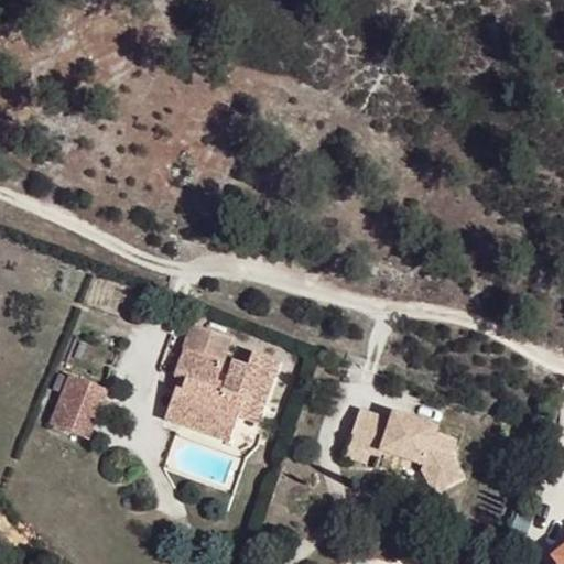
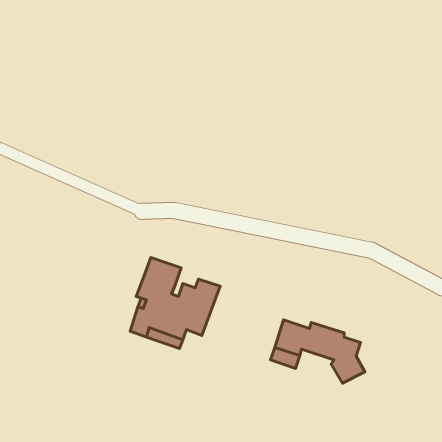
building: [51,376,104,437] -> none

